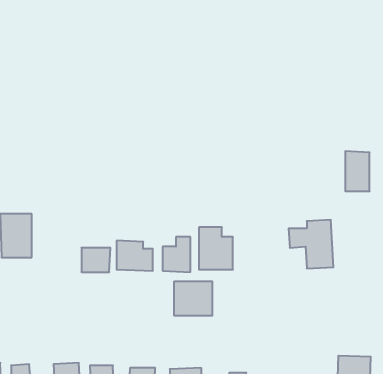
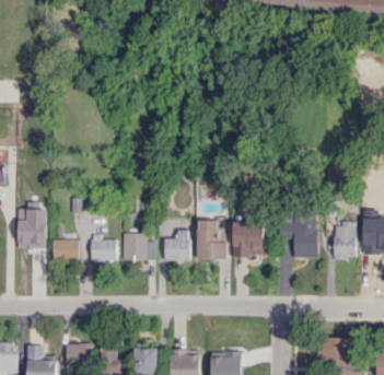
building: [345,151,370,191] -> [334,222,356,258]
building: none -> [232,222,265,257]
building: none -> [53,239,79,259]
building: [174,281,212,316] -> none

